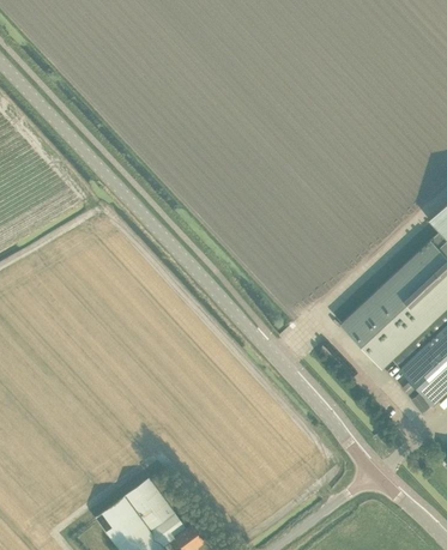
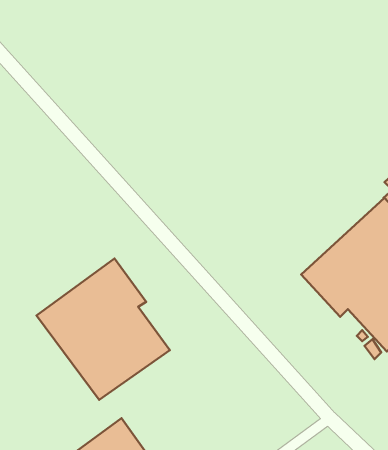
building: none -> [37,259,170,400]

